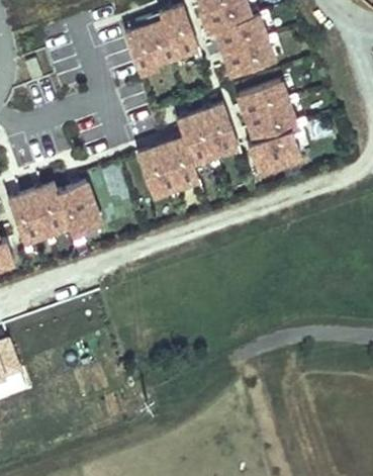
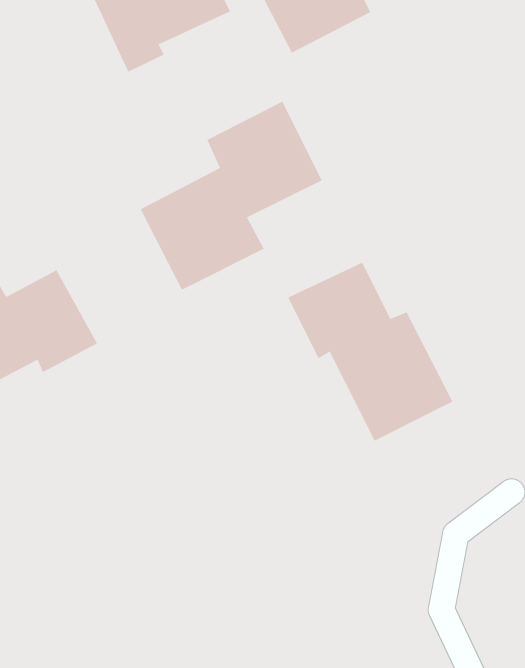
building: [235,78,303,176] -> none
building: none -> [287,262,453,441]

